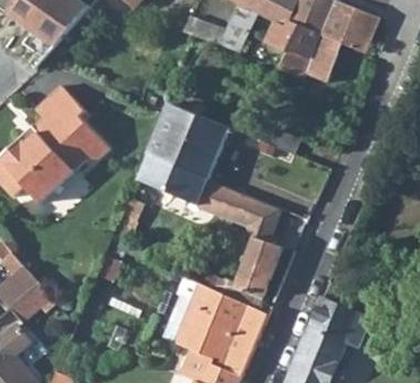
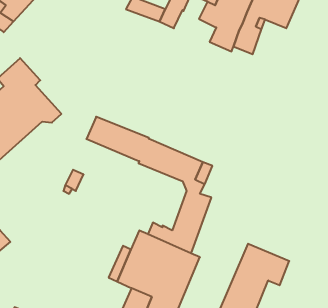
building: [148,103,235,178] -> none

